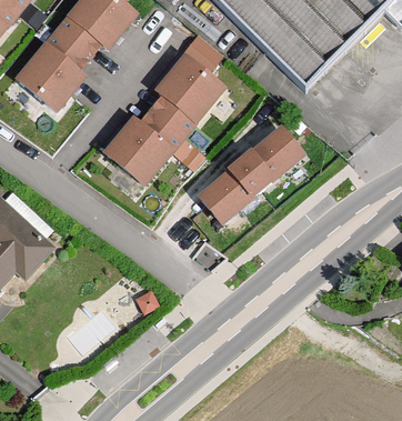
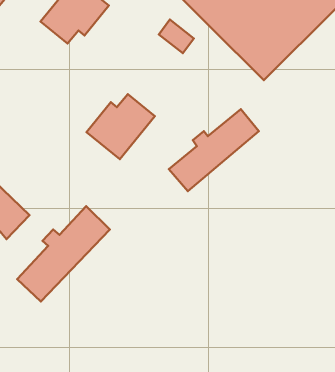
building: [18,29,88,107] -> none
building: [154,57,224,134] -> none
building: none -> [17,206,110,302]

